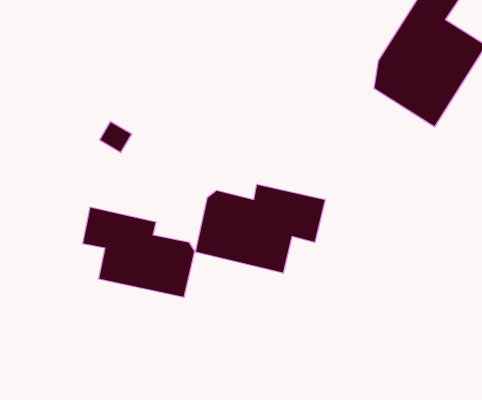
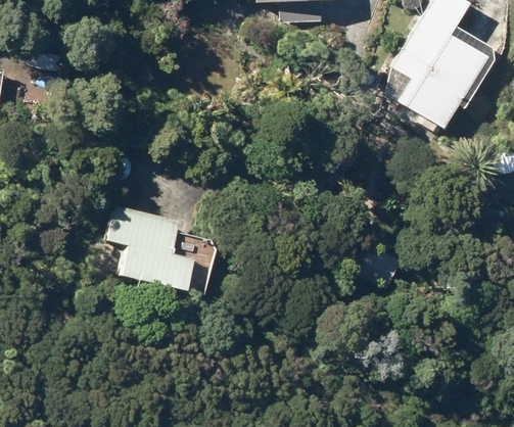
building: [195,184,325,273] -> none

